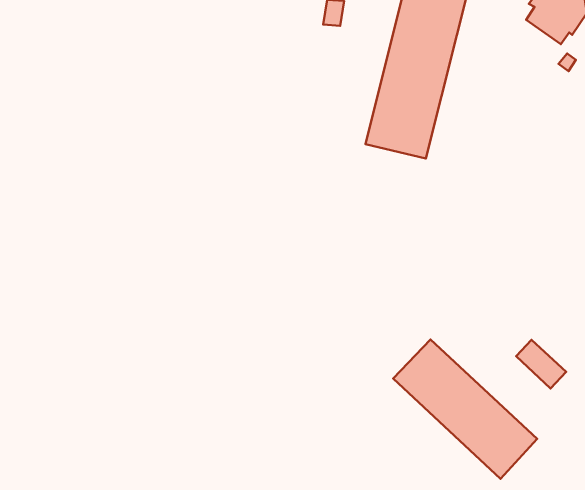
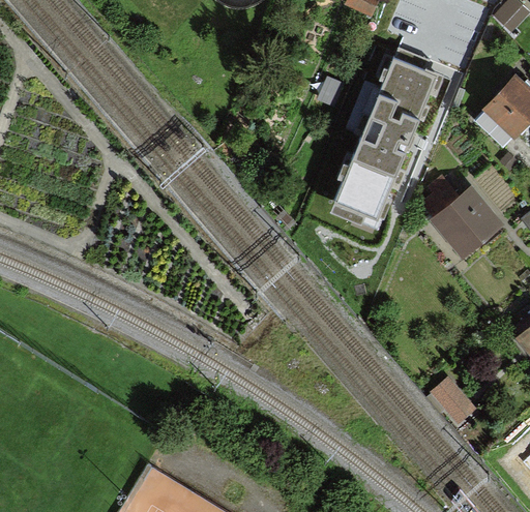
building: none -> [416,181,495,253]
building: [393,340,537,479] -> none

